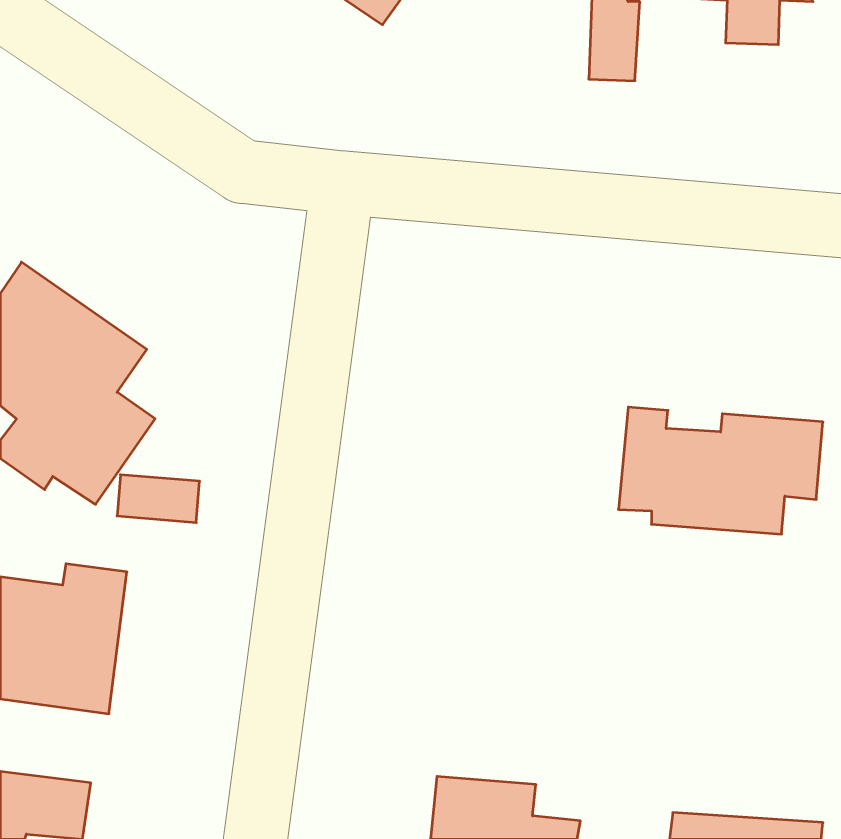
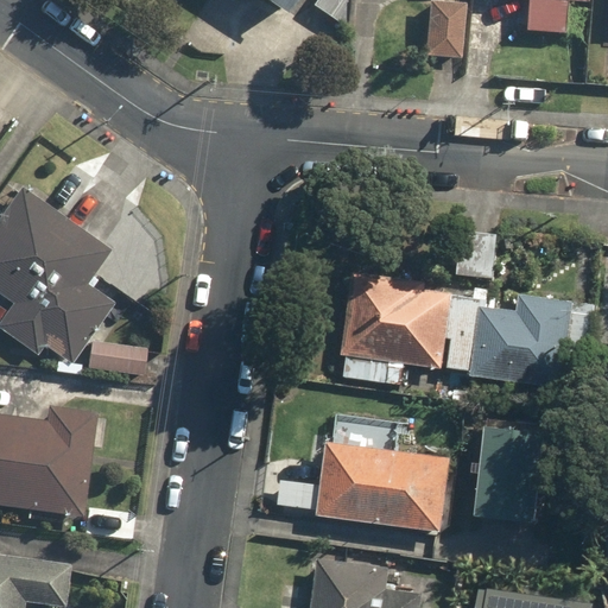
building: none -> [343,272,450,380]
building: none -> [317,419,445,528]
building: none -> [474,425,544,521]

